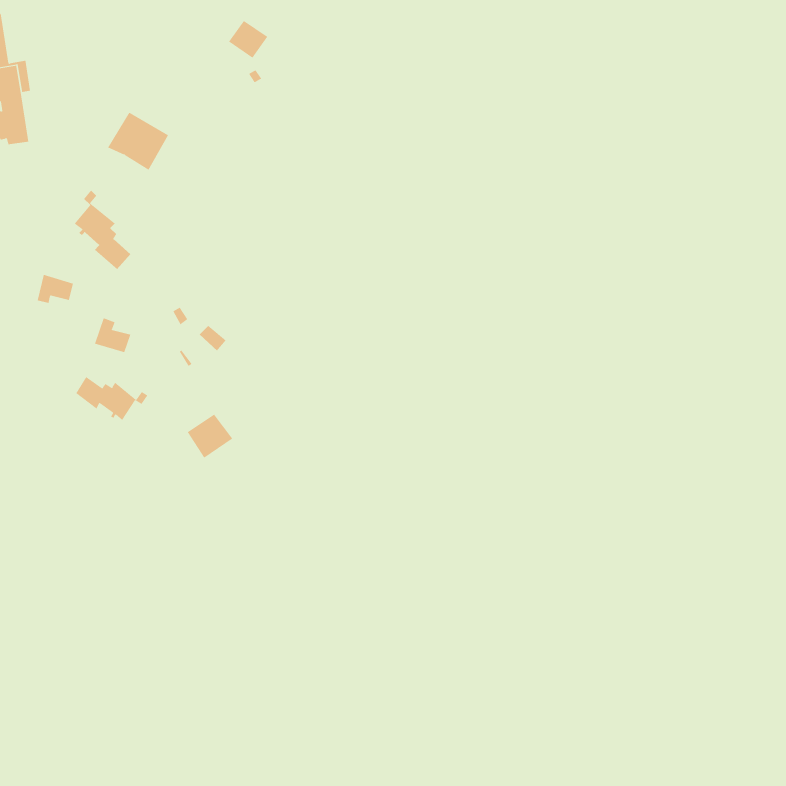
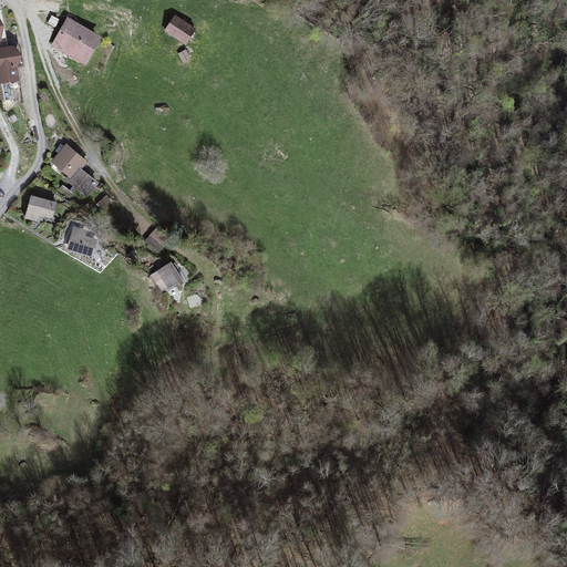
building: [107,112,169,171] -> [52,21,96,63]
building: [75,376,148,421] -> none
building: [187,414,233,458] -> [150,261,183,293]

